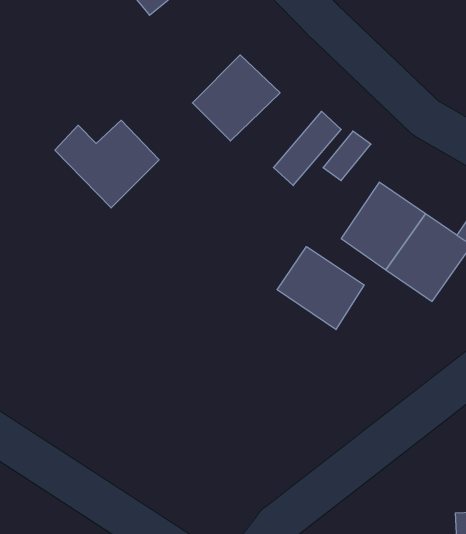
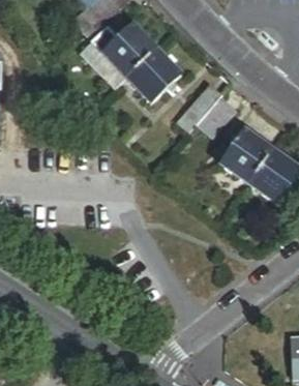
building: [55,120,159,208] -> [91,23,156,78]
building: [277,247,364,330] -> none

